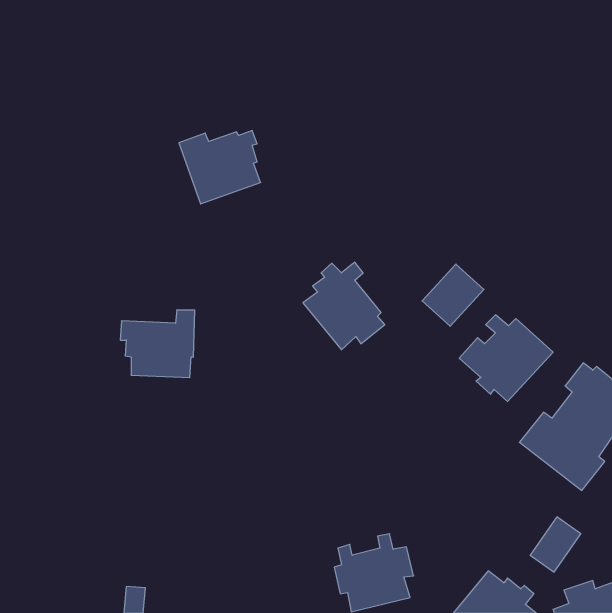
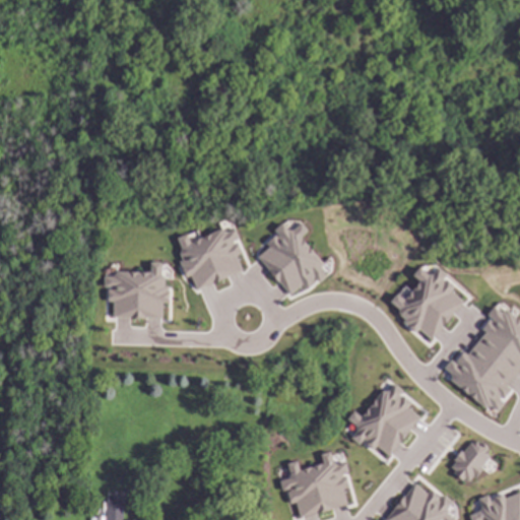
building: [179,131,261,204] -> [175,228,244,289]
building: [422,264,484,326] -> none
building: none -> [347,384,420,456]

